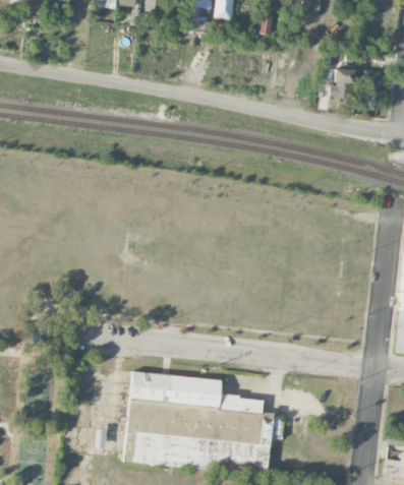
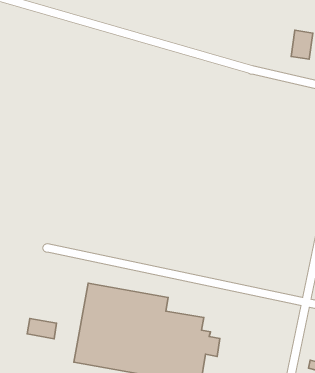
building: none -> [27,318,57,339]

